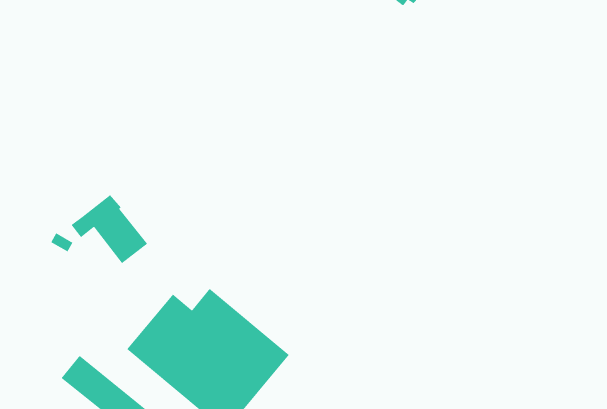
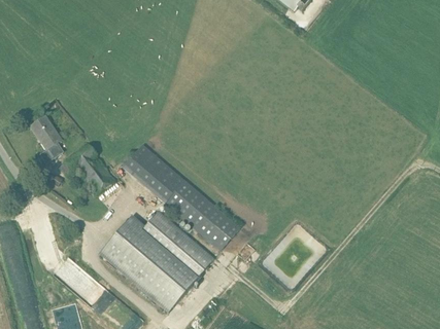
building: none -> [31,115,63,157]
building: none -> [123,143,241,250]

